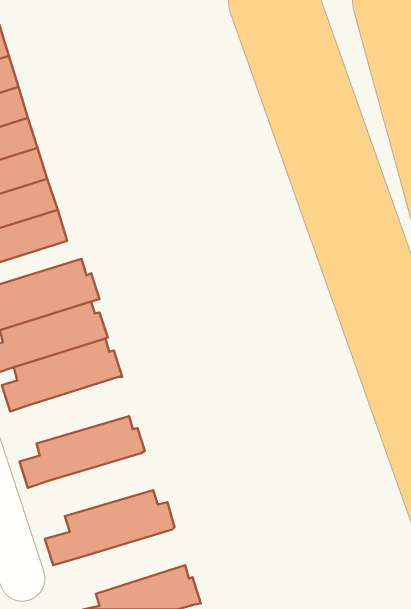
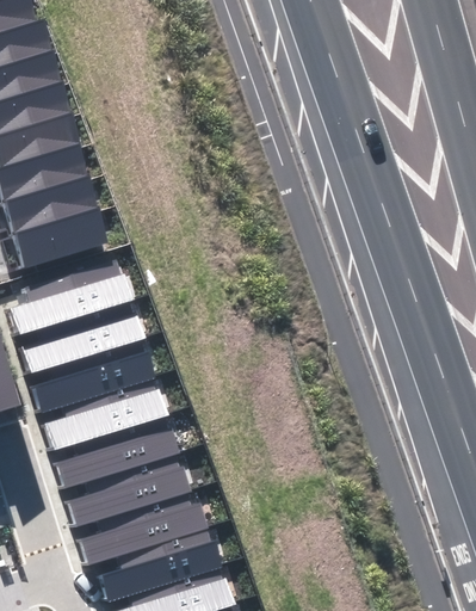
building: none -> [47,377,171,451]
building: none -> [70,453,193,524]
building: none -> [101,530,224,601]

